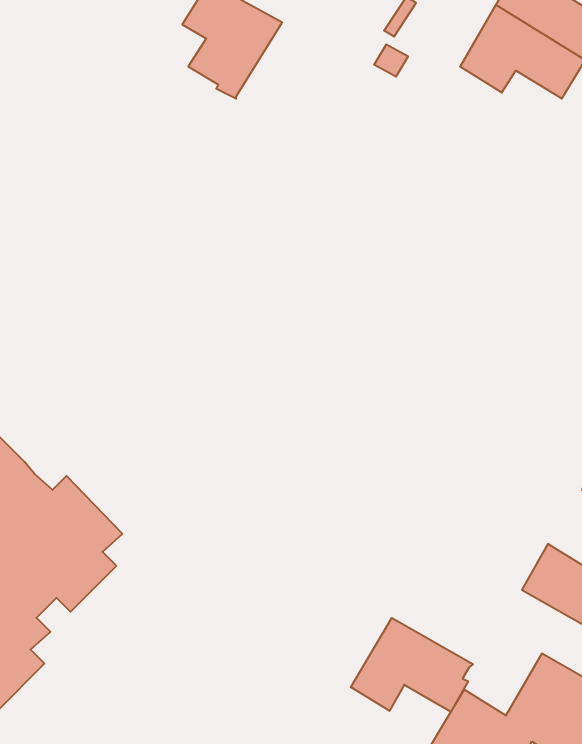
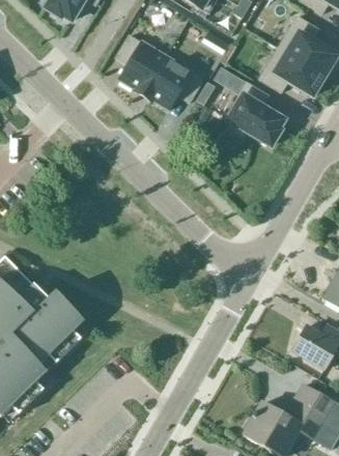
building: none -> [143,56,203,110]
building: none -> [228,82,283,145]
building: [351,618,473,712] -> none

